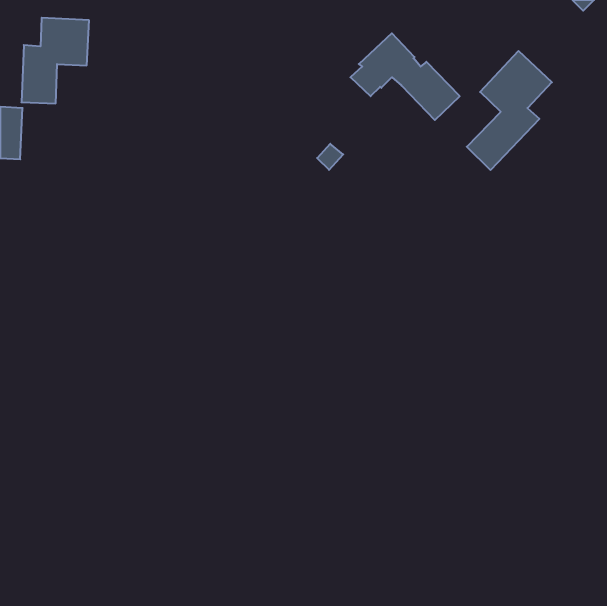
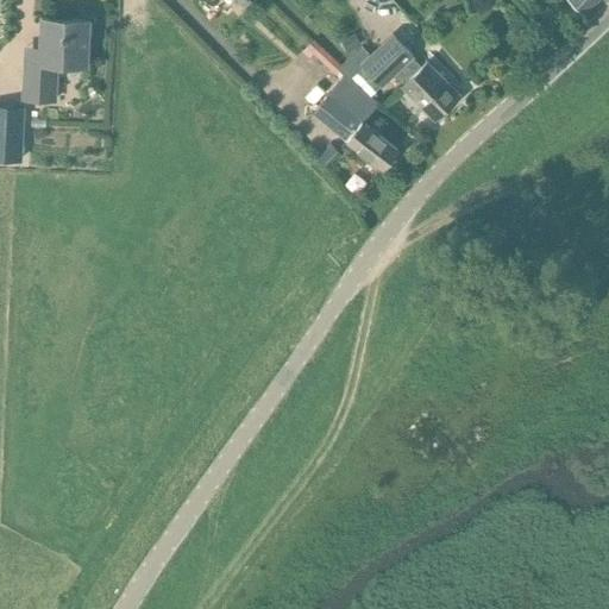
building: none -> [302,40,398,170]
building: [467,51,552,170] -> none

